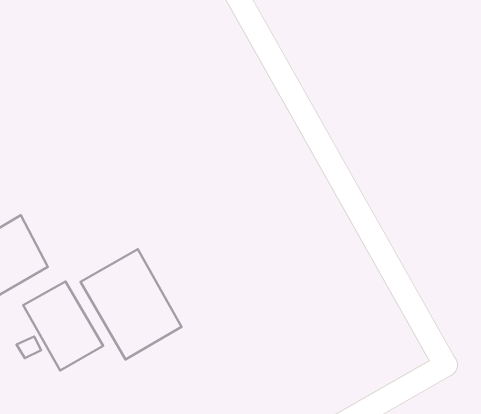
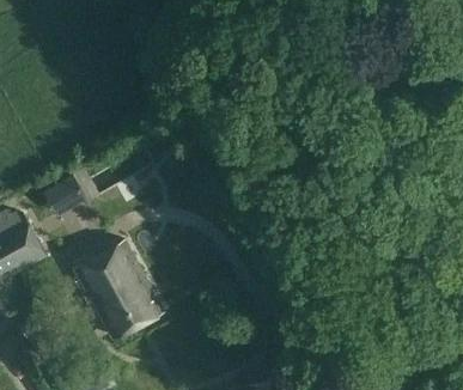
building: [23,281,103,371] -> none

